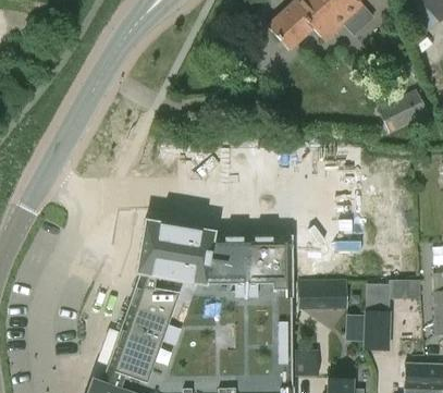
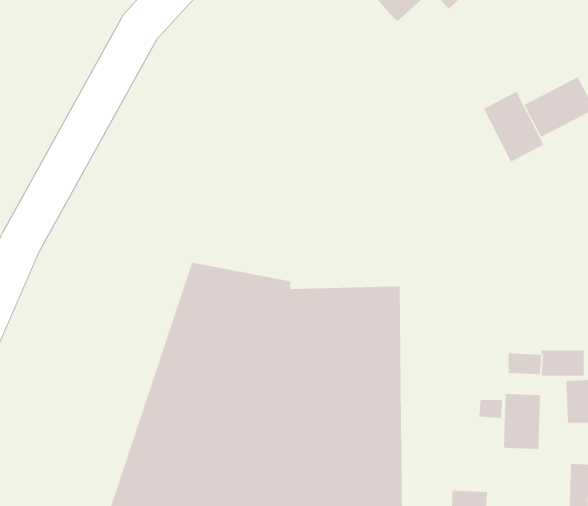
building: none -> [483,91,544,162]
building: [299,278,347,307] -> none
building: [294,349,318,374] -> none

